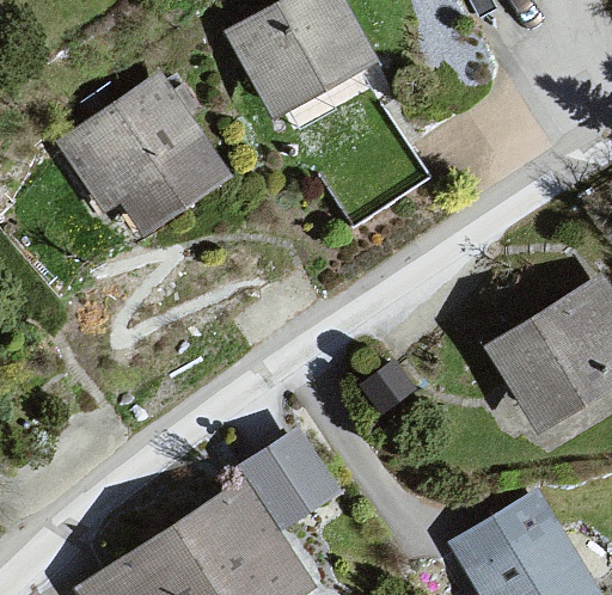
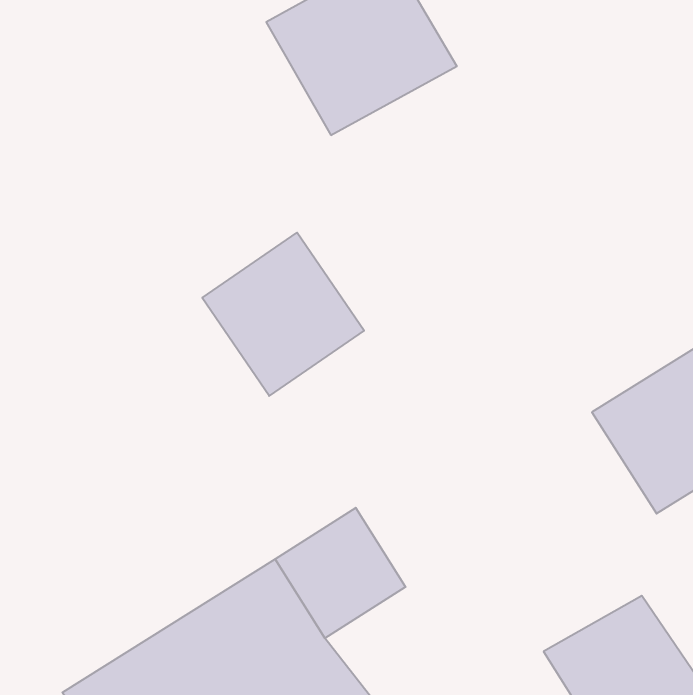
building: [54,74,239,246] -> none
building: none -> [202,233,364,396]

